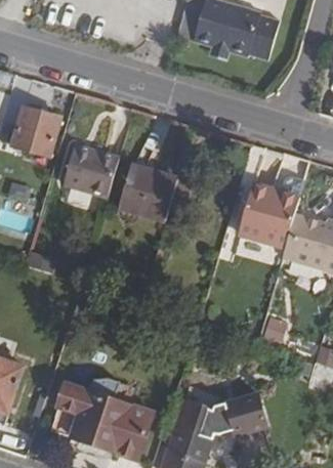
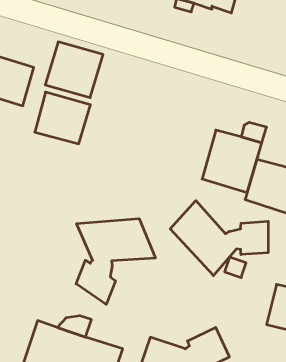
building: [117,163,177,221] -> [45,42,103,98]
building: none -> [170,201,268,276]
building: none -> [76,219,155,304]

